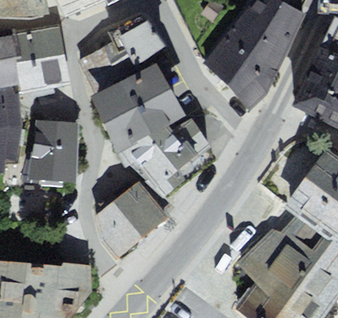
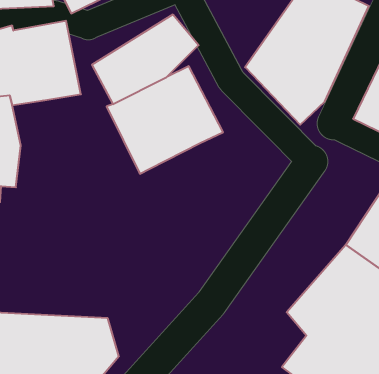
building: [124,121,207,197] -> none
building: [41,124,81,185] -> none
building: [106,186,173,262] -> none

